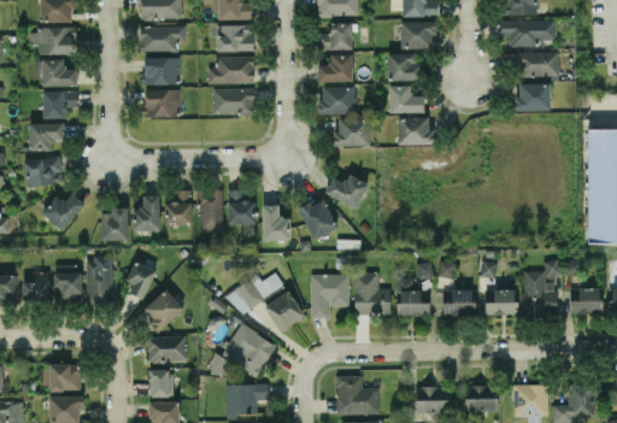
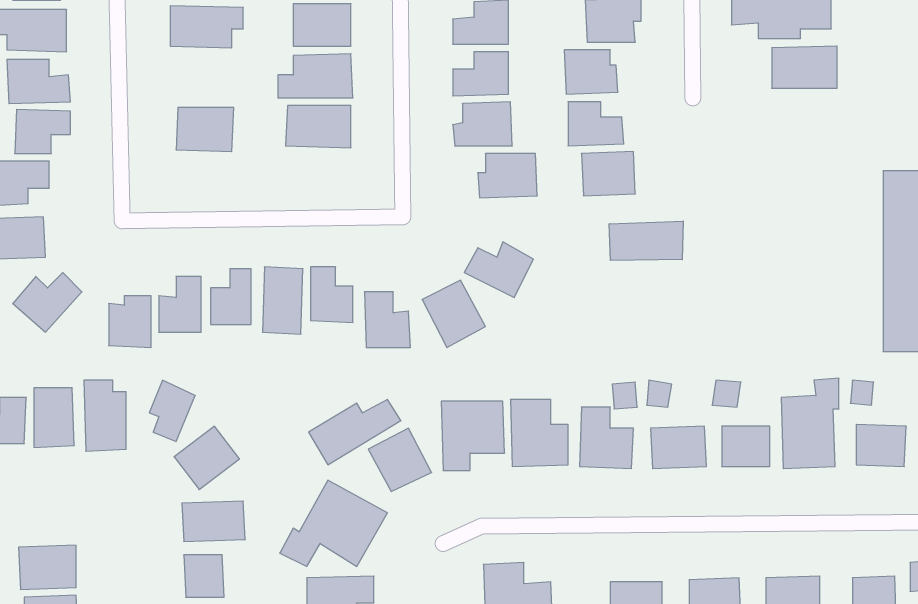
building: [142,57,180,84] -> none
building: [516,83,550,111] -> none
building: none -> [609,221,683,260]

